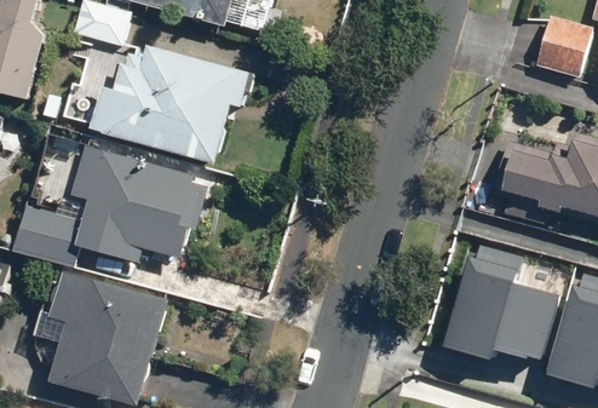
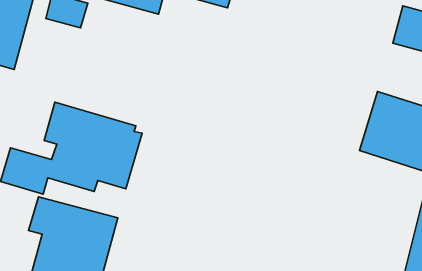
building: [88,45,248,163] -> none
building: [444,234,564,358] -> none

